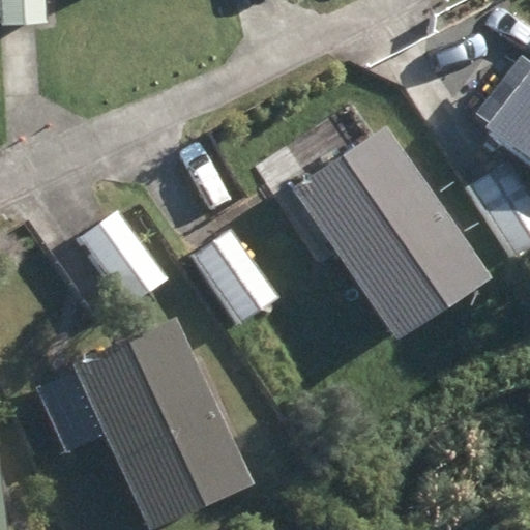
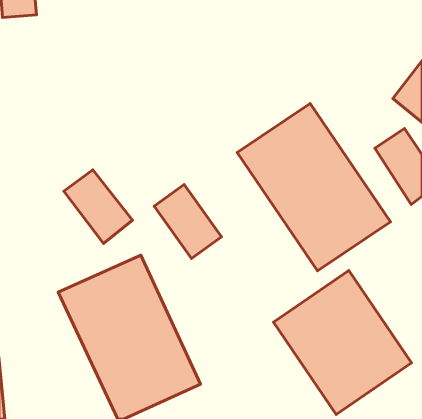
building: none -> [273,271,411,414]

